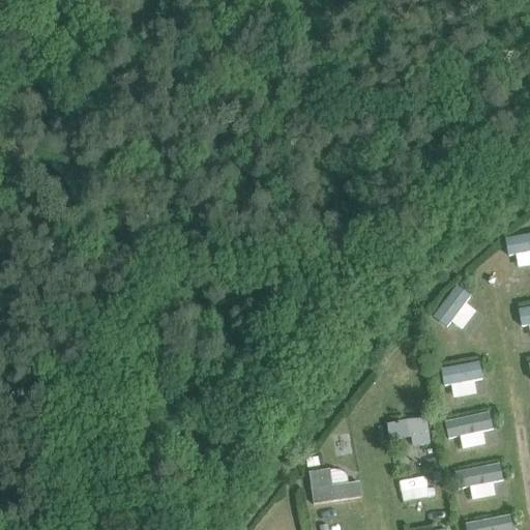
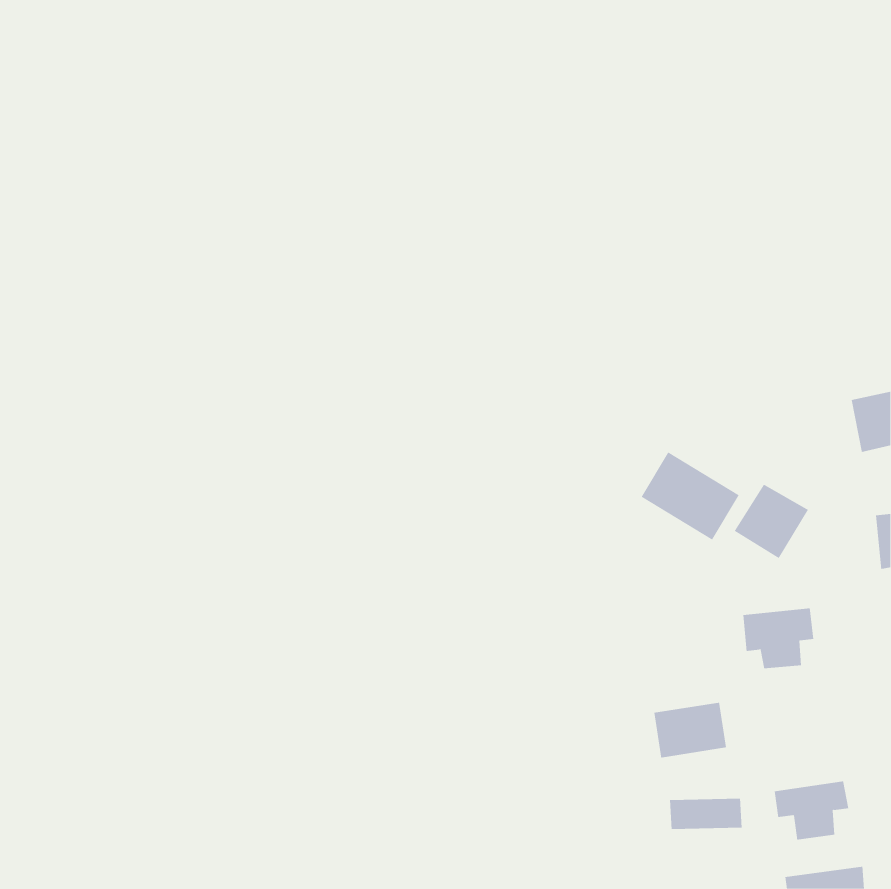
building: none -> [641,452,739,540]
building: [444,411,493,448] -> none
building: [306,465,360,503] -> none

